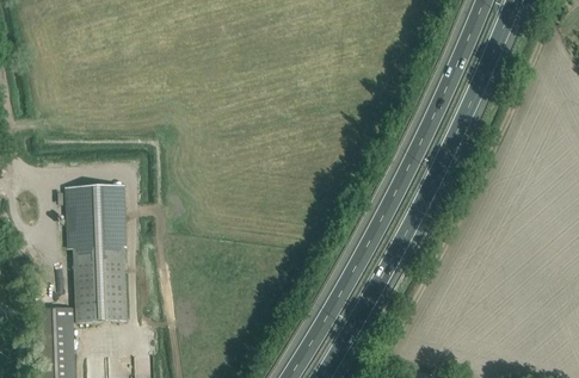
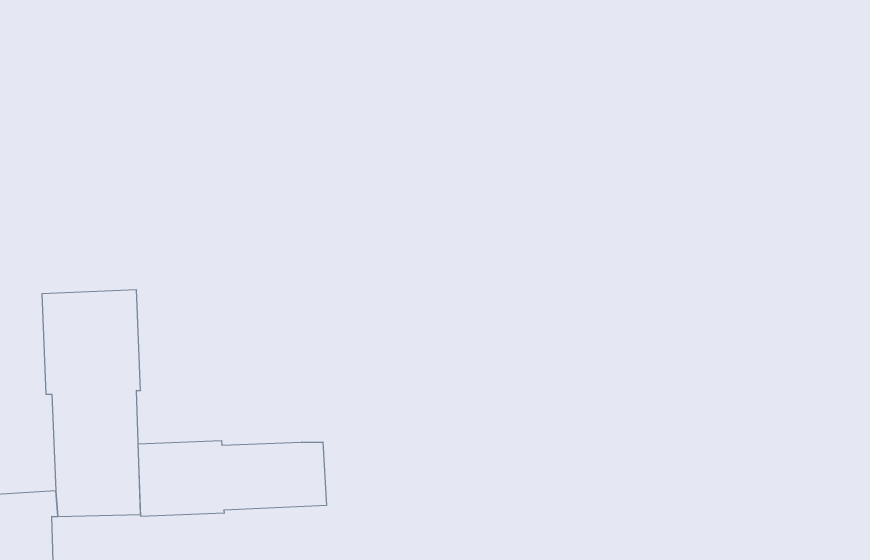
building: none -> [138,441,326,516]

